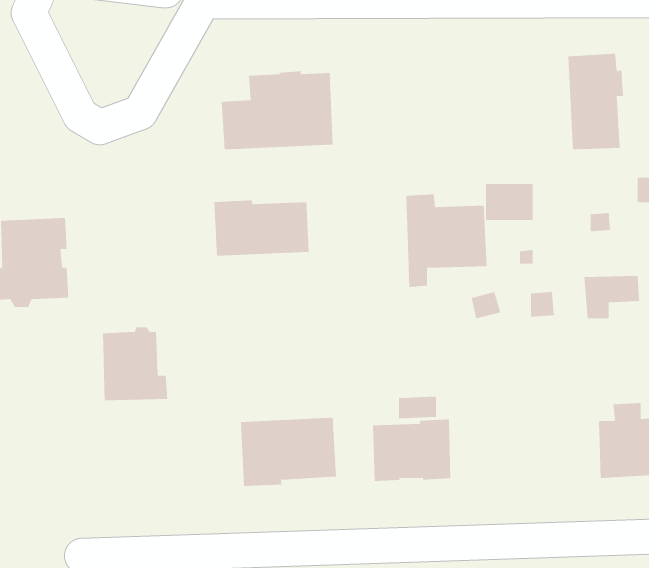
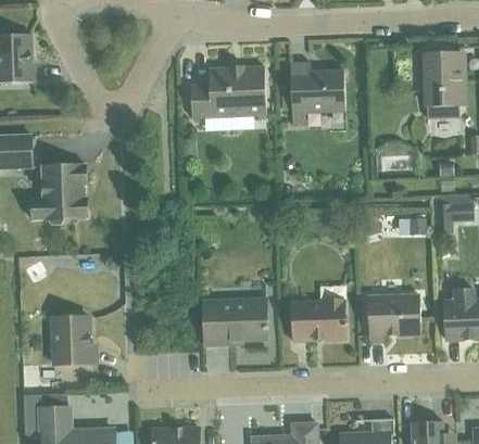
building: [405,194,488,287] -> [290,62,345,125]
building: [214,200,309,257] -> none
building: [102,327,168,401] -> [52,313,97,363]
building: none -> [368,294,421,342]

